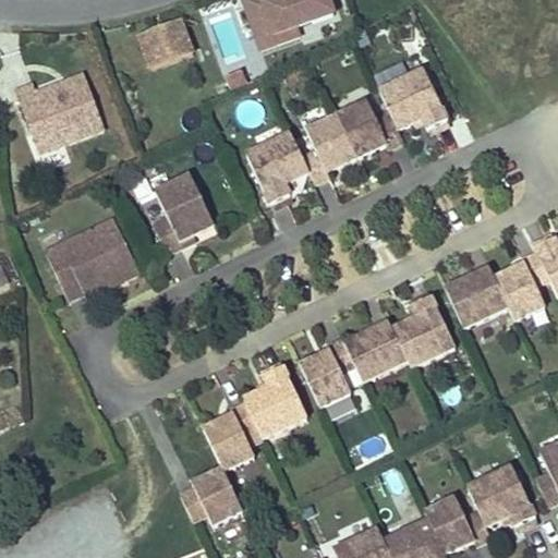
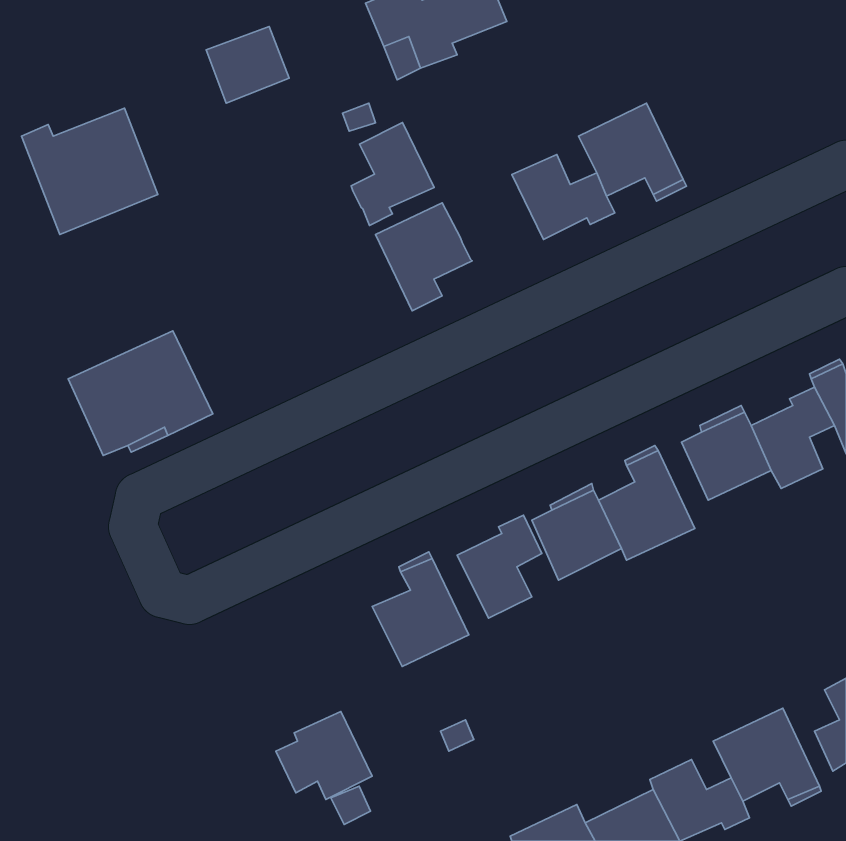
building: [302,114,356,182] -> [351,123,434,226]
building: [151,174,213,253] -> none
building: [205,402,258,466] -> none

